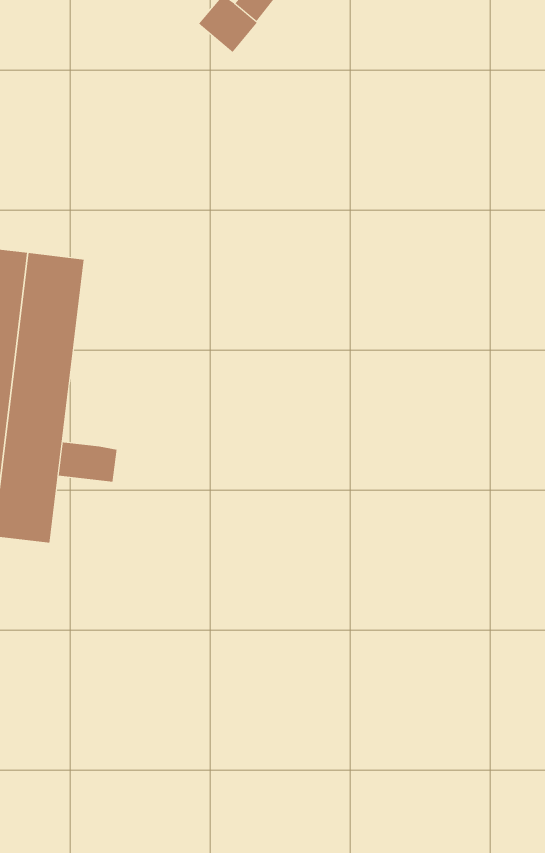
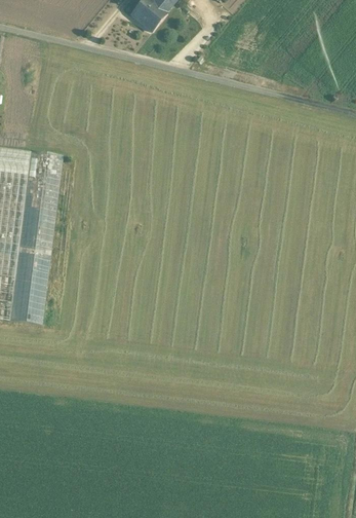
building: [58,441,117,483] -> none

